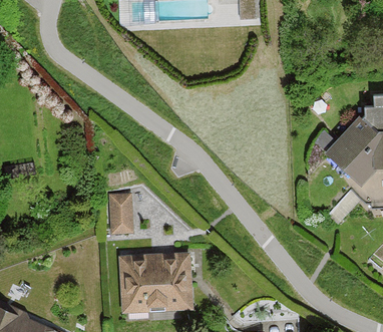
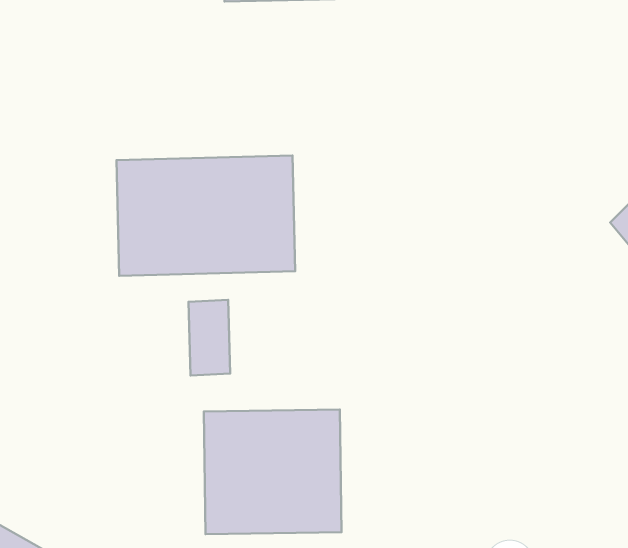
building: none -> [117,156,295,276]

